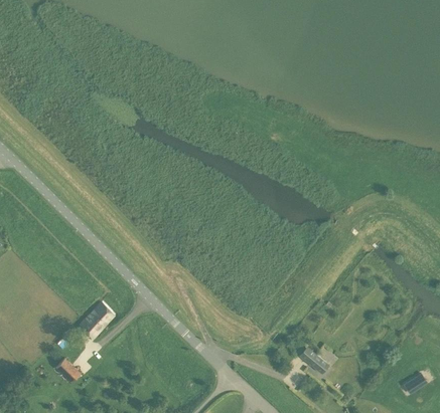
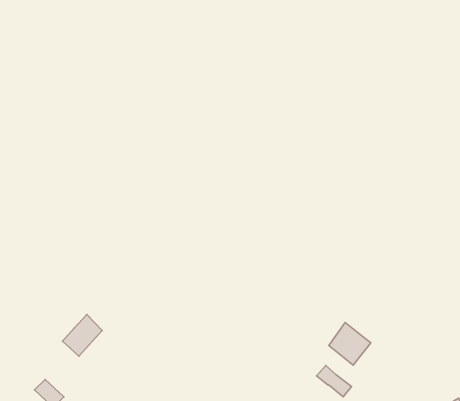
building: none -> [329,322,371,365]

